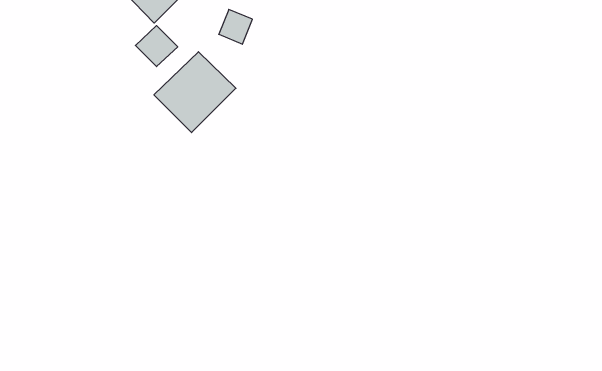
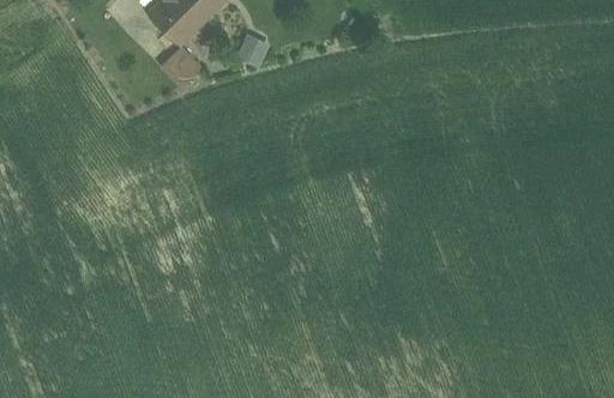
building: [154,52,236,133] -> none

